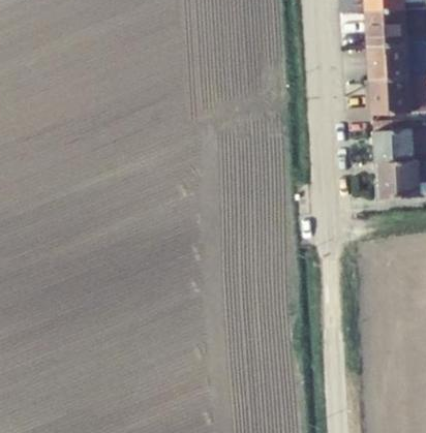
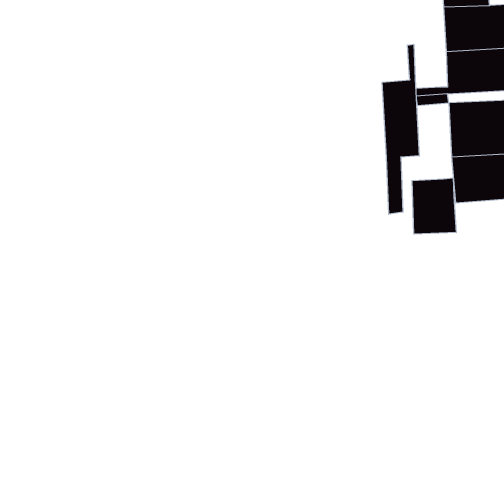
building: none -> [382,44,419,214]
building: none -> [412,178,456,234]

